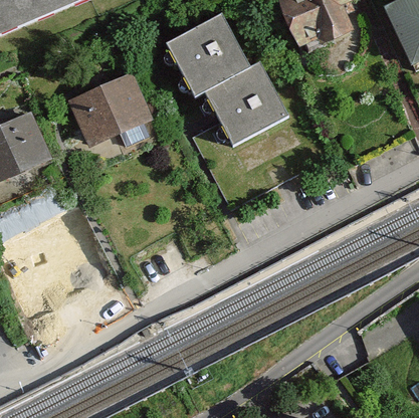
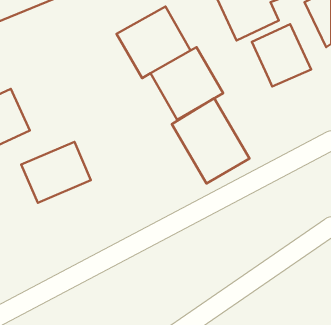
building: none -> [252,24,311,87]
building: [67,72,152,146] -> [21,142,91,203]
building: none -> [172,98,250,184]

